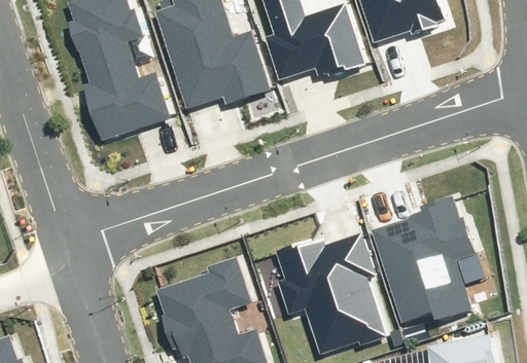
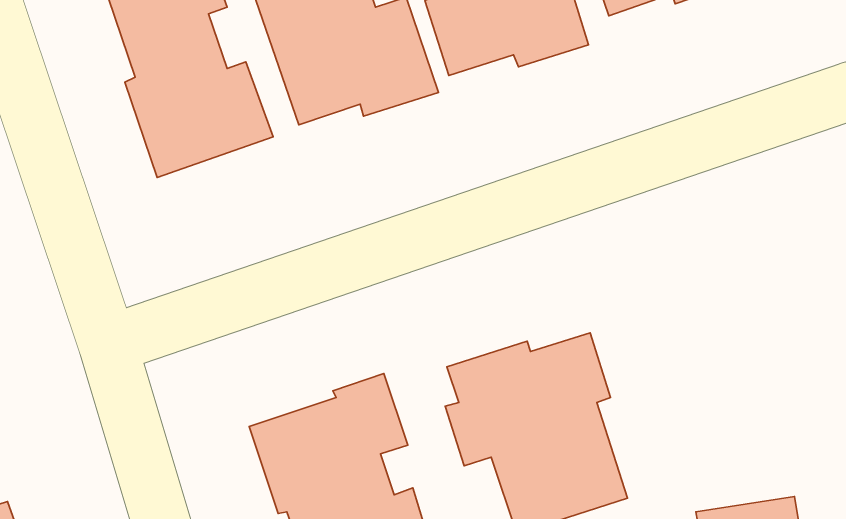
building: [367,196,476,324] -> none

